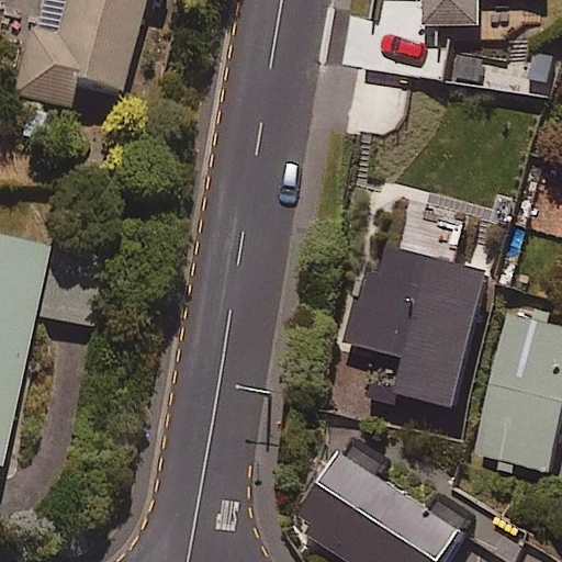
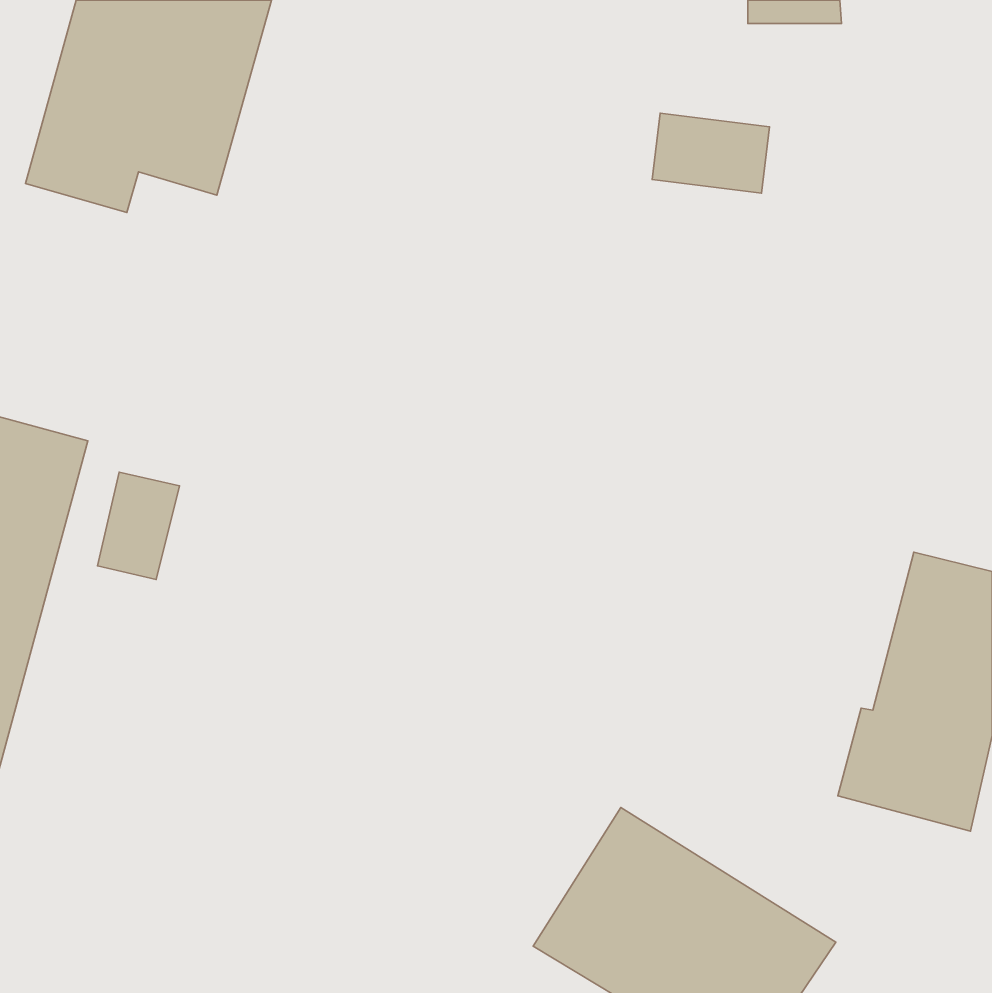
building: [339,227,493,405] -> none

